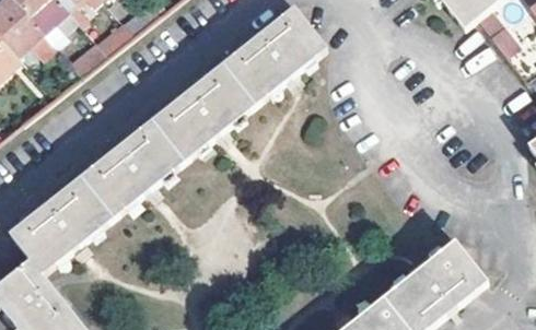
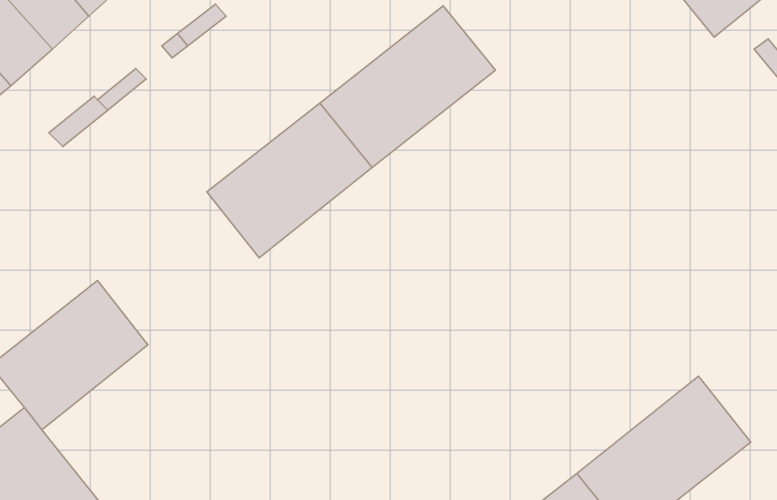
building: [77,125,178,221] -> none

